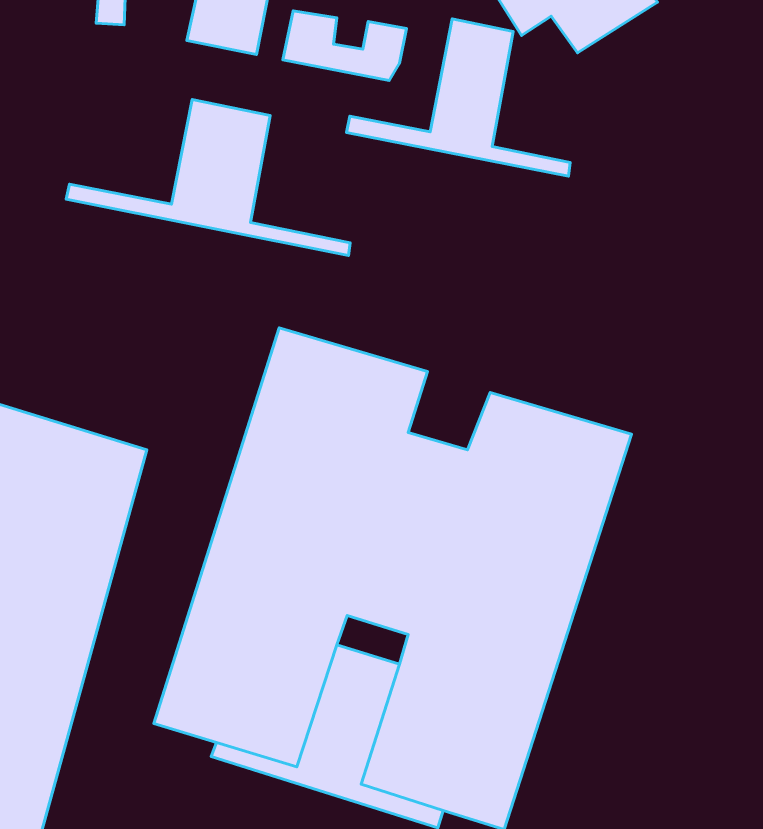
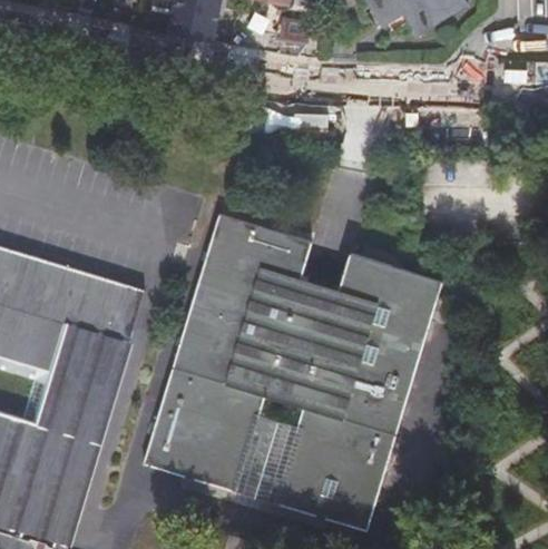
building: [346,19,570,176] -> none
building: [66,99,350,255] -> none

